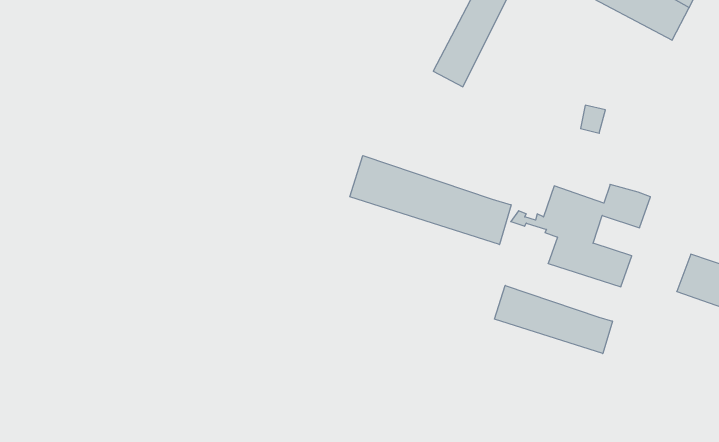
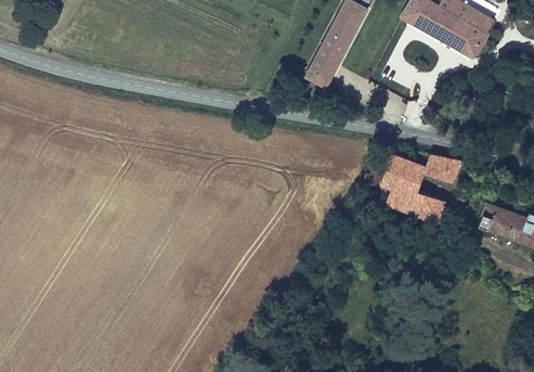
building: [350,156,511,245] -> none
building: [495,285,612,354] -> none

